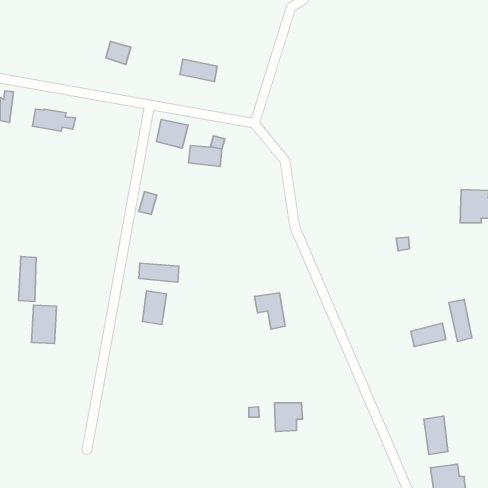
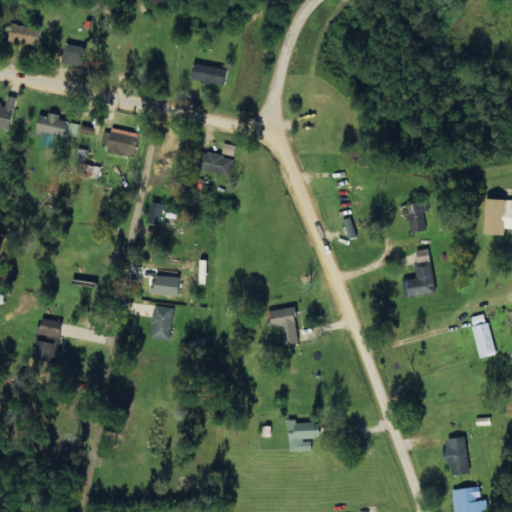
building: none -> [8,24,41,46]
building: [106,41,131,64] -> [60,44,86,68]
building: [156,119,188,148] -> [106,128,139,158]
building: none -> [406,201,429,233]
building: none -> [406,265,435,297]
building: [19,257,36,302] -> none
building: [411,323,446,346] -> none

